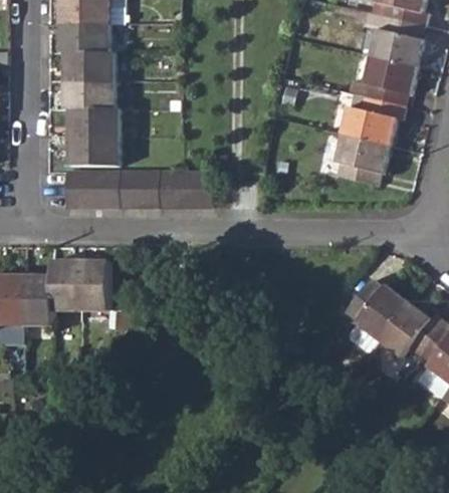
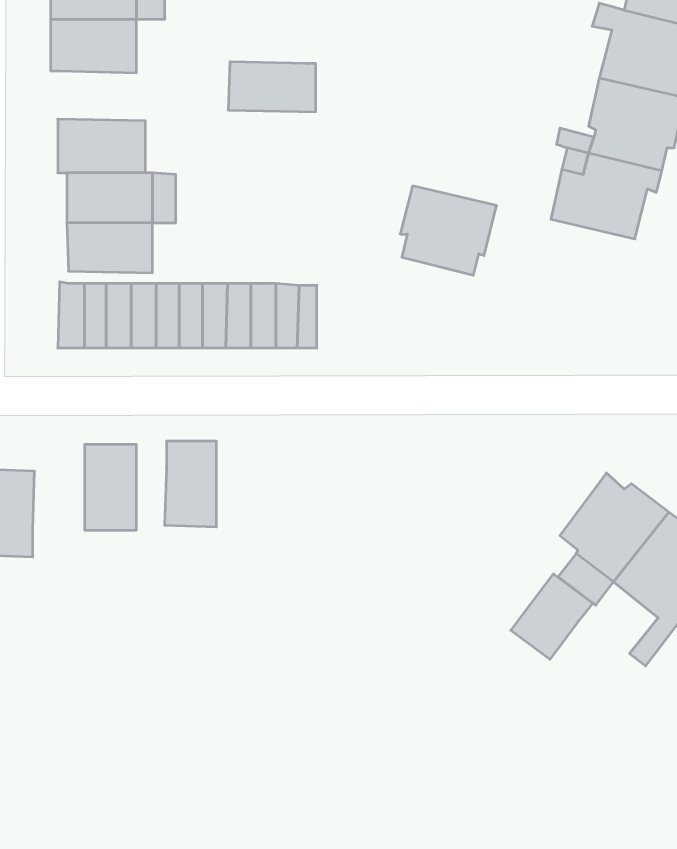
building: [63,51,113,79] -> [228,62,316,112]
building: [333,135,388,185] -> [400,186,497,275]
building: [49,261,78,309] -> [165,441,216,527]
building: none -> [511,574,593,659]

